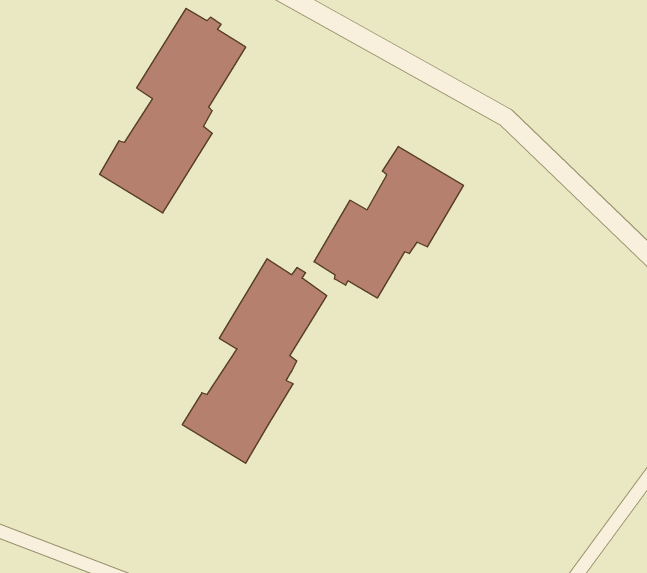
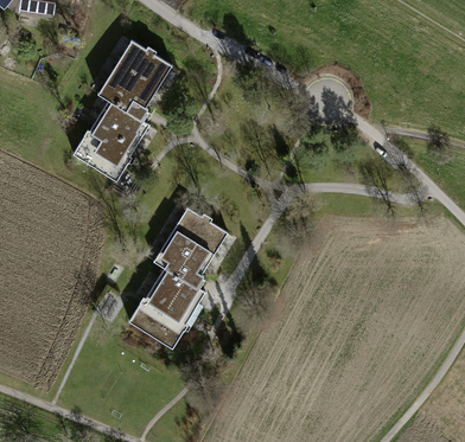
building: [314,146,463,298] -> none

